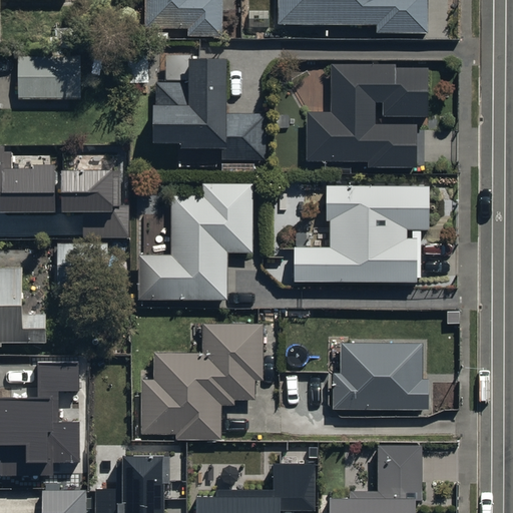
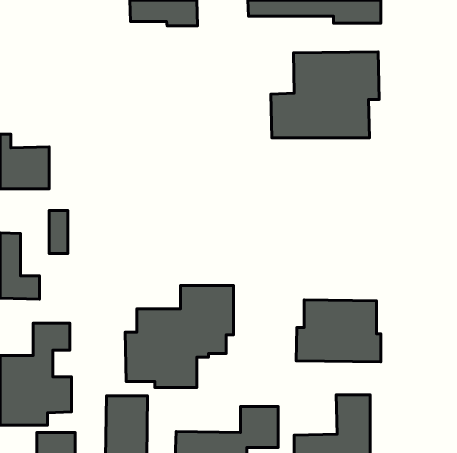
building: [18,49,82,99] -> none
building: [154,59,273,168] -> none
building: [62,175,128,242] -> none
building: [135,184,248,299] -> none
building: [294,184,423,278] -> none

